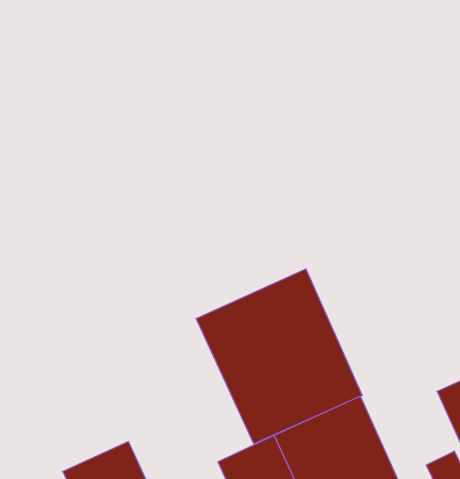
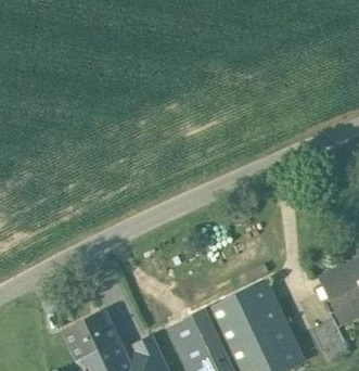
building: [196,269,362,444] -> none

